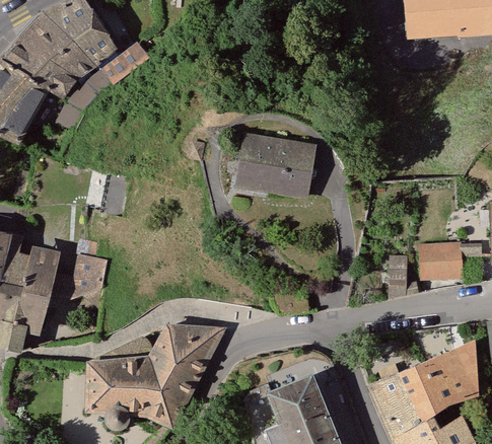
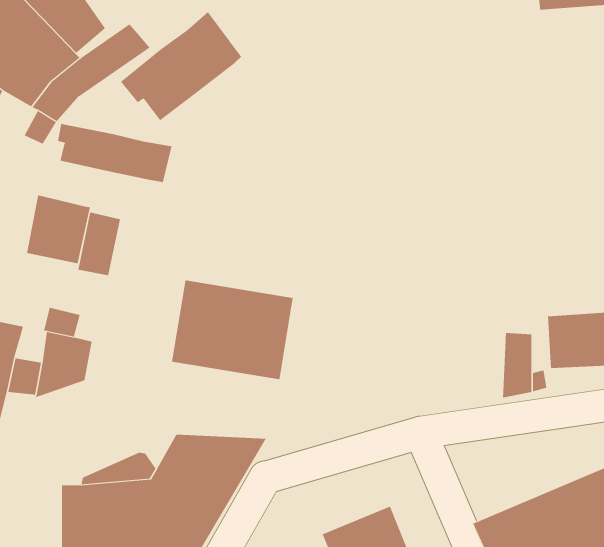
building: none -> [120,11,242,121]
building: none -> [58,123,172,183]
building: [233,132,317,200] -> [171,280,293,380]
building: none -> [26,195,91,264]

